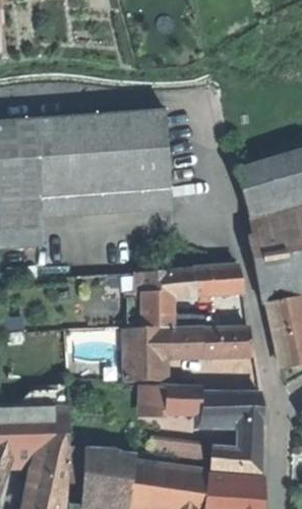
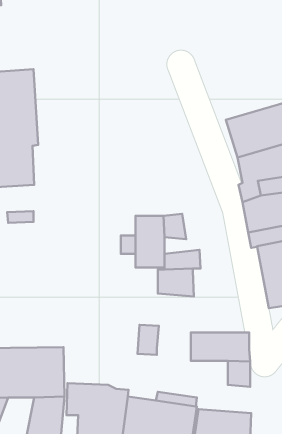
building: [36,109,170,197] -> none
building: [191,267,243,296] -> none
building: [124,328,167,382] -> none
building: [202,329,249,356] -> none
building: [165,387,200,411] -> none
building: [212,447,263,473] -> none

